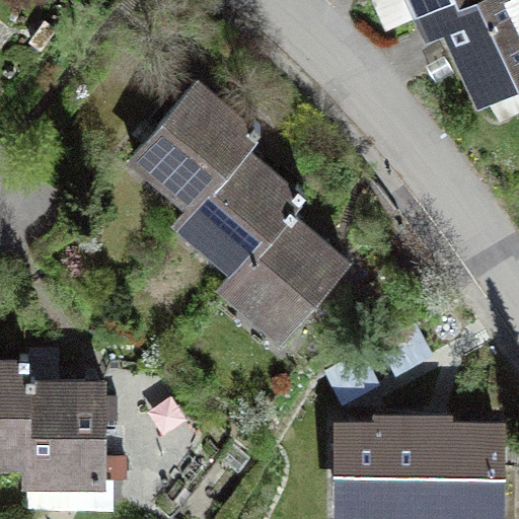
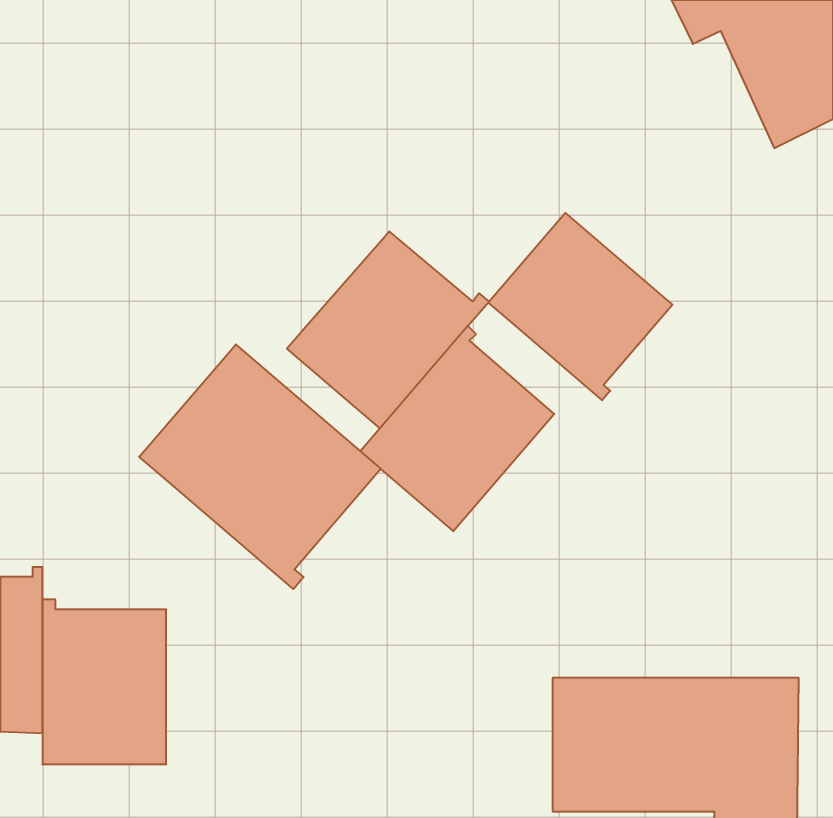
building: [134,88,260,211] -> none
building: none -> [488,213,672,400]
building: none -> [139,344,381,589]

